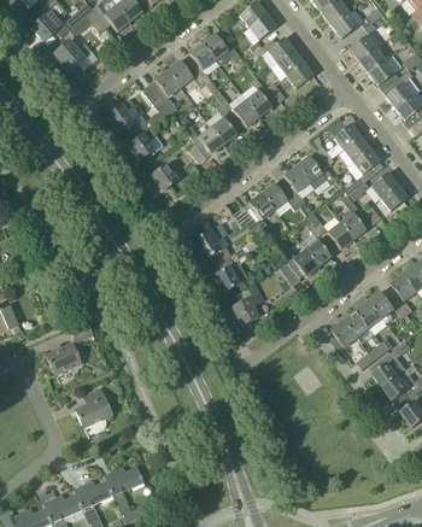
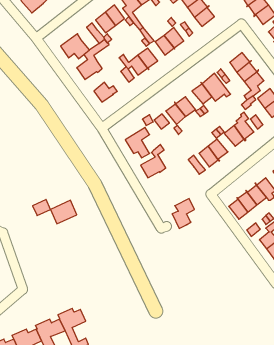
building: [231,285,262,324] -> [172,199,194,228]
building: [45,342,80,374] -> [51,200,77,224]
building: [75,388,111,434] -> none

